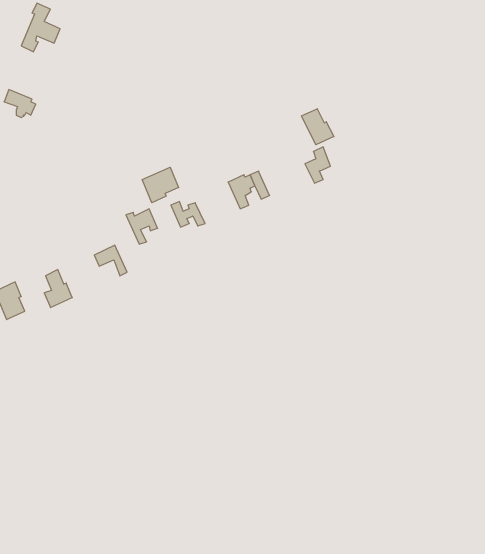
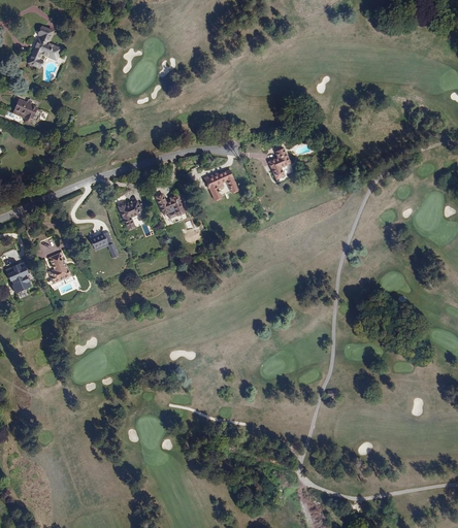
building: [301,109,334,145] -> none
building: [142,167,179,203] -> none

